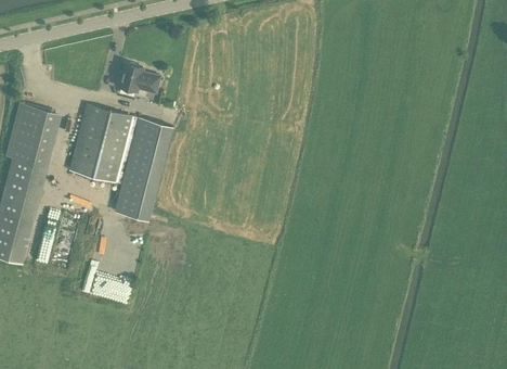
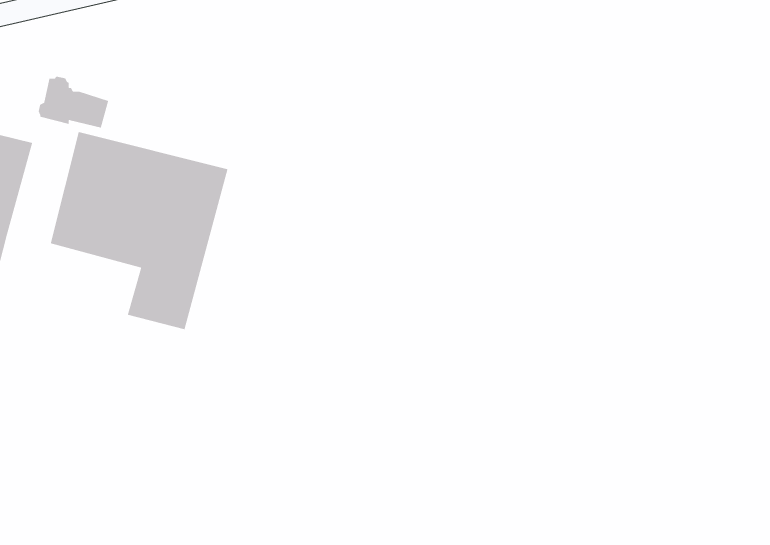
building: [119,62,160,92] -> [38,76,109,128]

